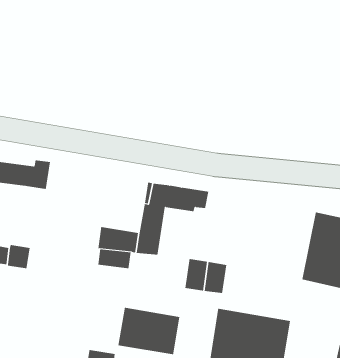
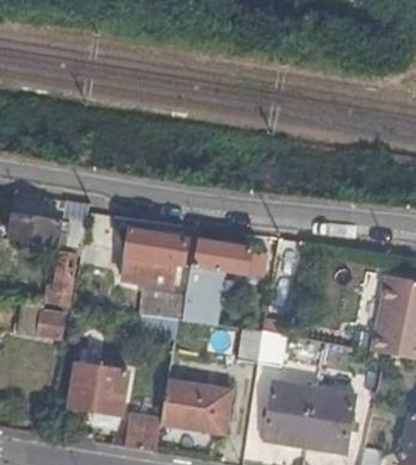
building: none -> [123,229,187,286]
building: none -> [49,244,81,306]
building: none -> [70,364,126,415]

